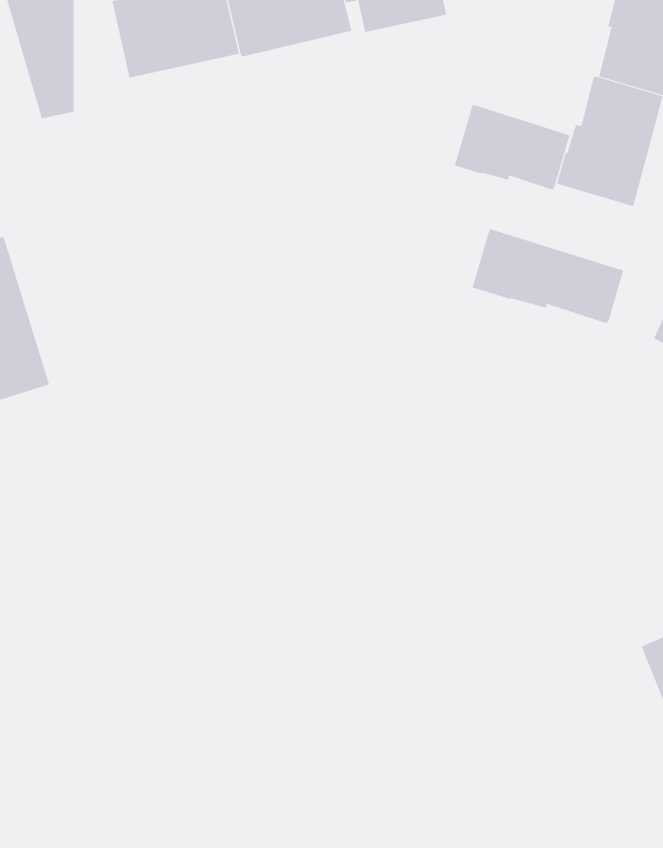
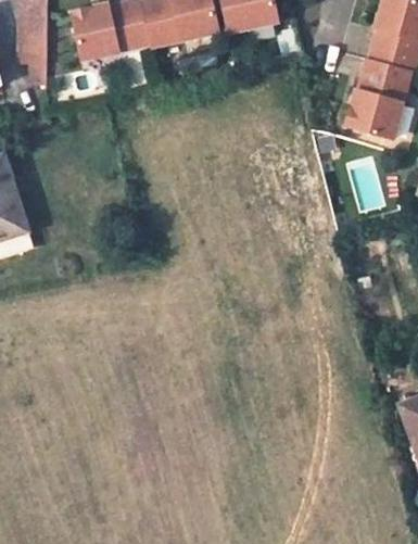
building: [454,104,570,191] -> none
building: [472,228,624,324] -> none

